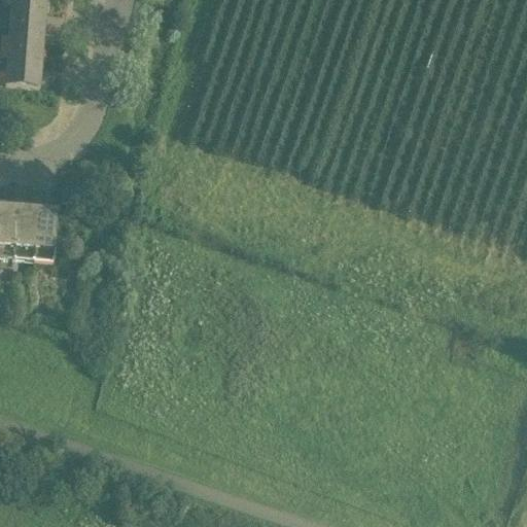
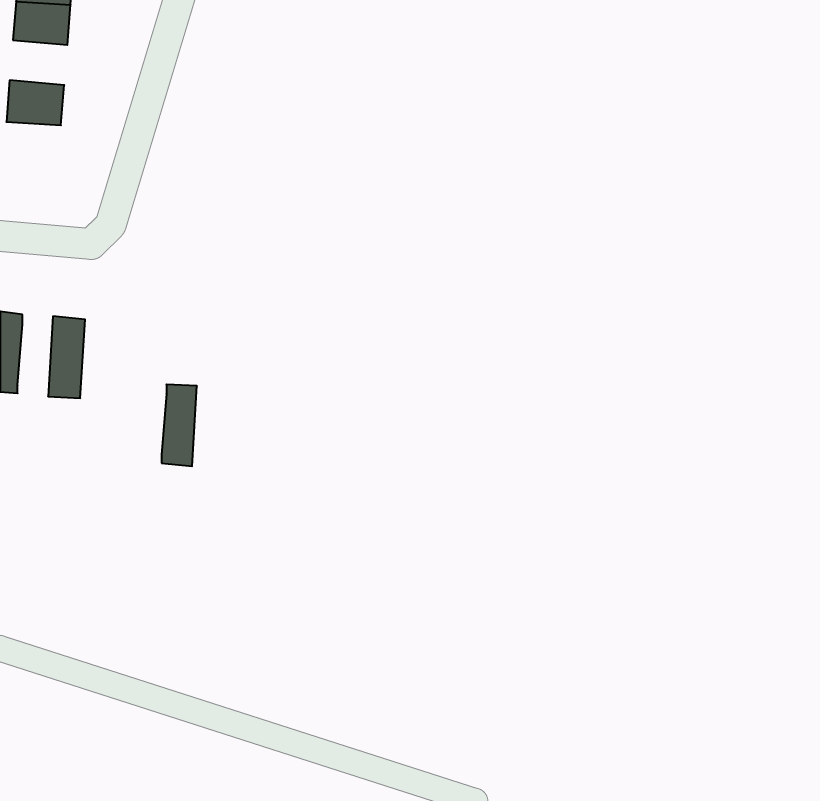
building: [6,26,43,55] -> none
building: [11,202,34,254] -> [162,384,197,466]

